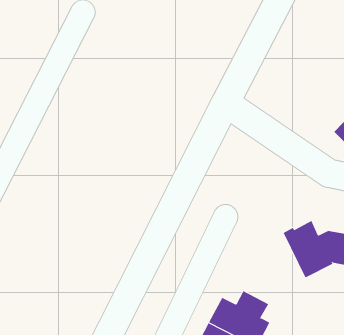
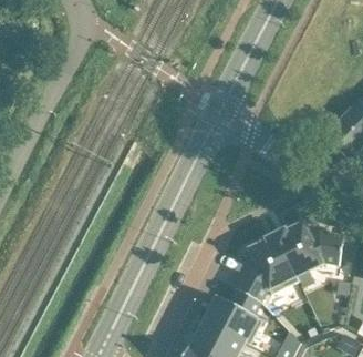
building: none -> [232,234,298,303]

